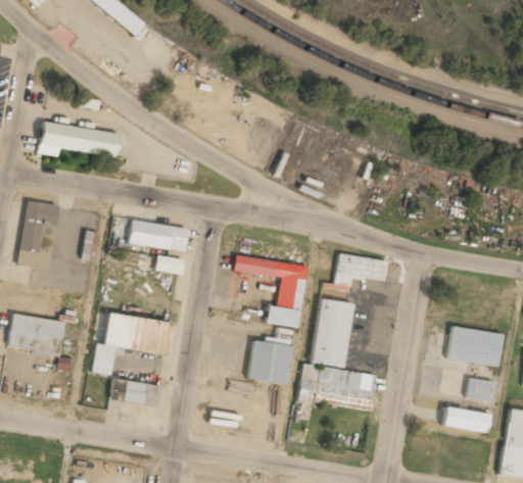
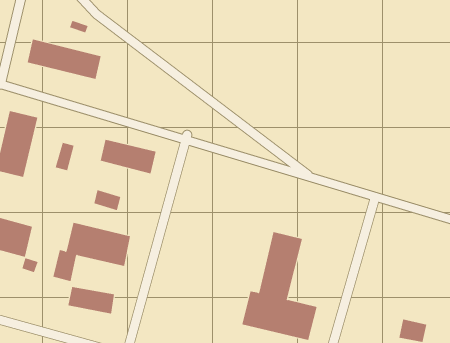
building: [156,252,185,273] -> [93,189,121,211]
building: [334,252,387,286] -> none
building: [234,255,307,327] -> none
building: [447,326,504,366] -> none
building: [248,340,291,384] -> none

